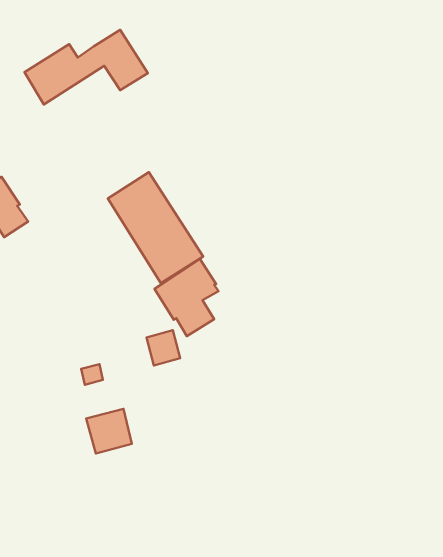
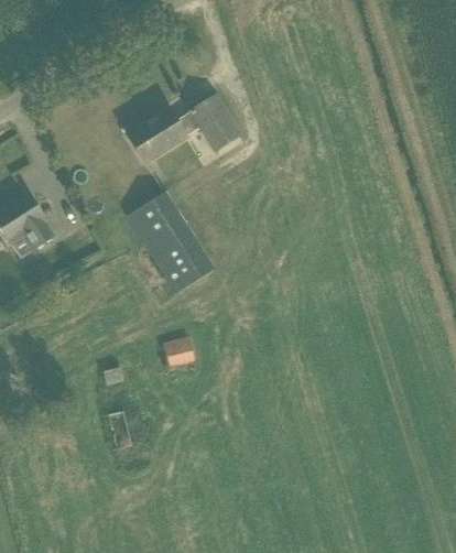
building: [25,30,148,105] -> [127,95,239,163]
building: [154,259,219,336] -> none

